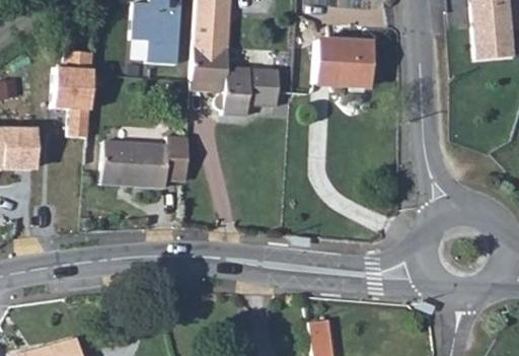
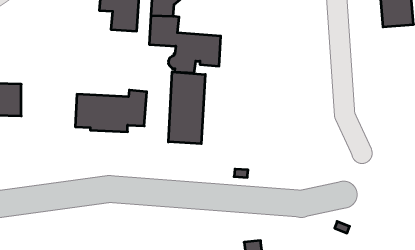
building: [314,40,371,85] -> none
building: [58,50,97,136] -> none
building: none -> [168,72,205,144]

